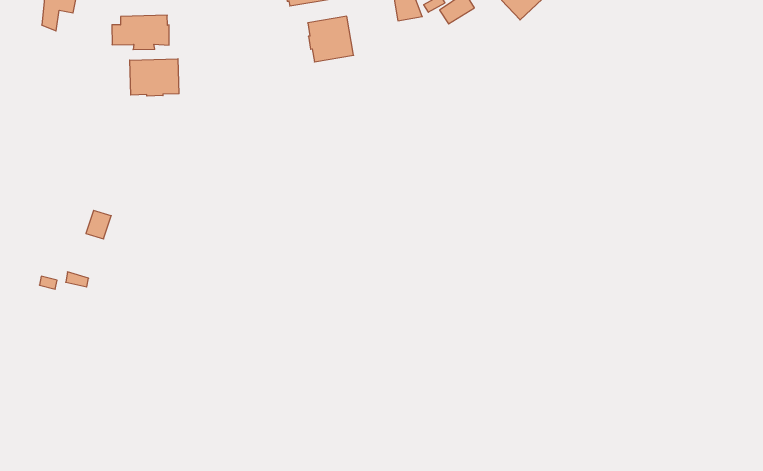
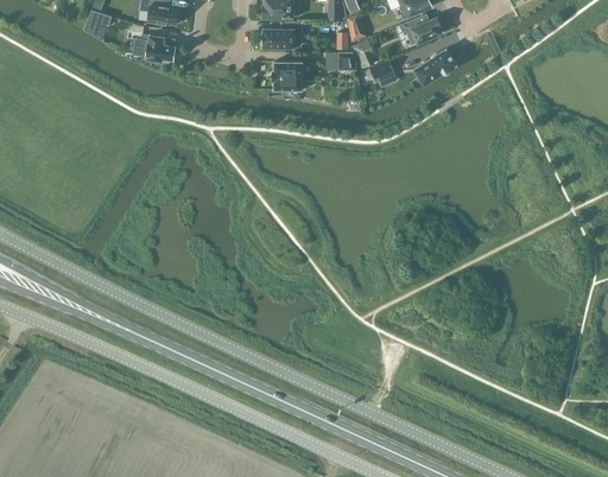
building: [130,59,179,96] -> none

